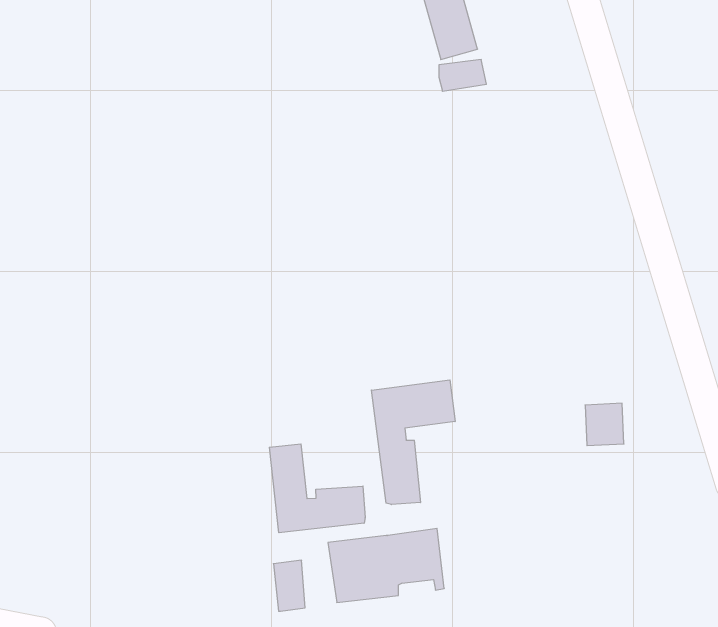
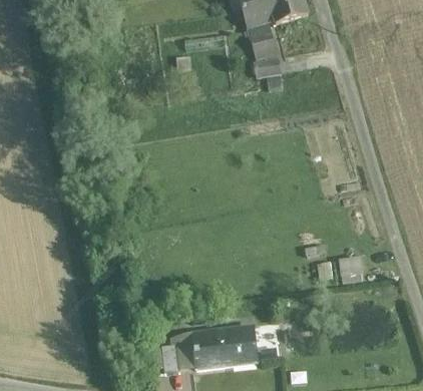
building: [371,380,455,505] -> none
building: [269,444,365,533] -> none

